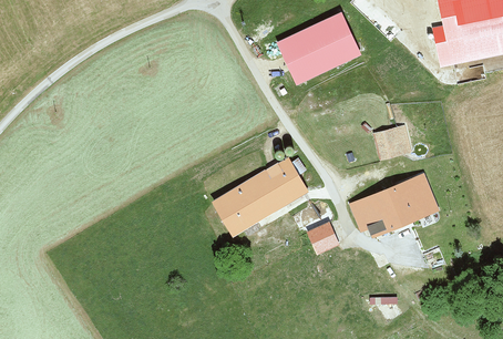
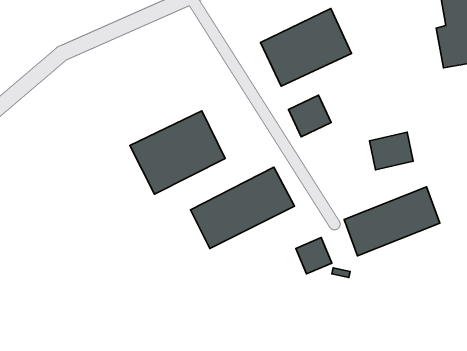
building: none -> [288,95,331,137]
building: none -> [130,111,225,194]

